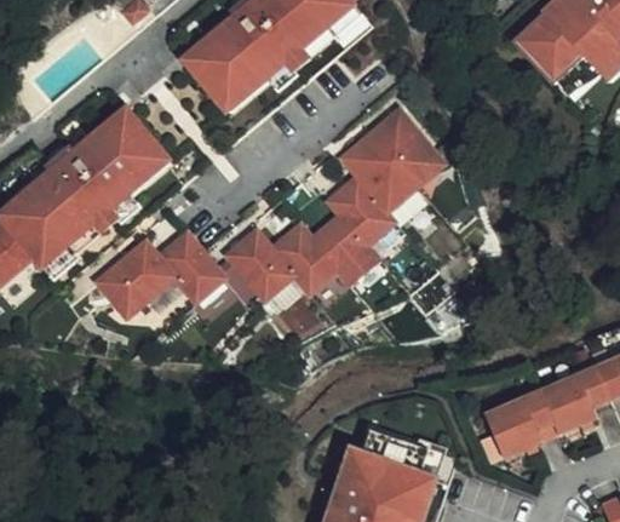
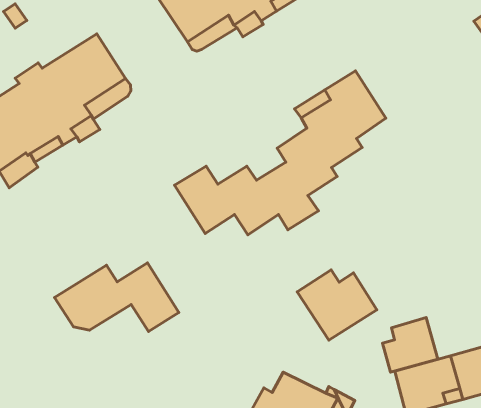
building: [94,231,226,310] -> [54,263,179,331]
building: none -> [297,270,377,340]
building: none -> [383,317,438,372]

